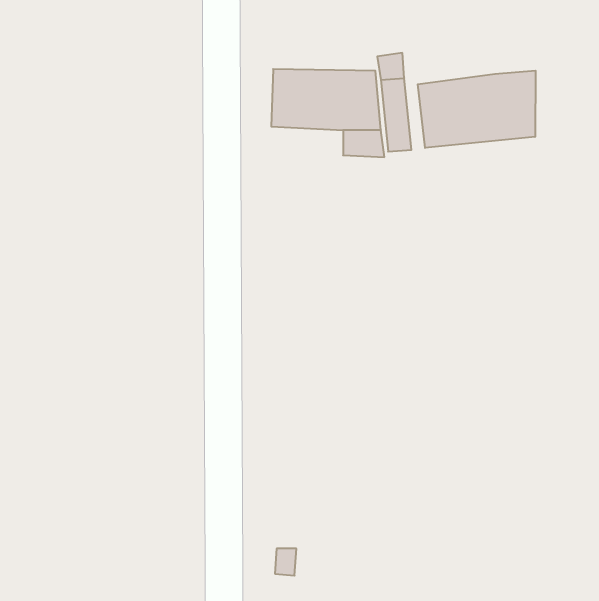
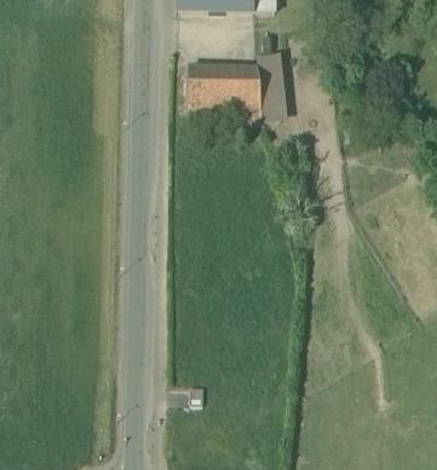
building: [418,71,536,148] -> none

